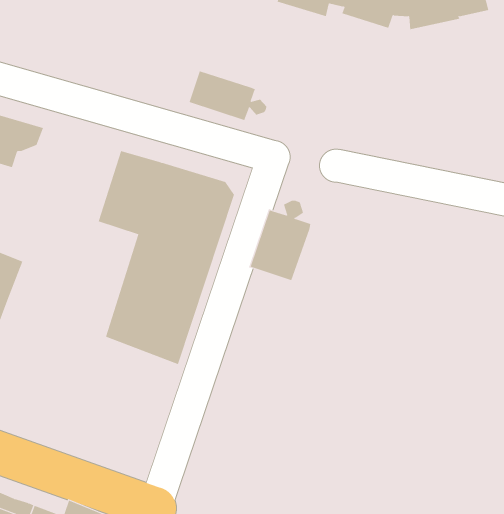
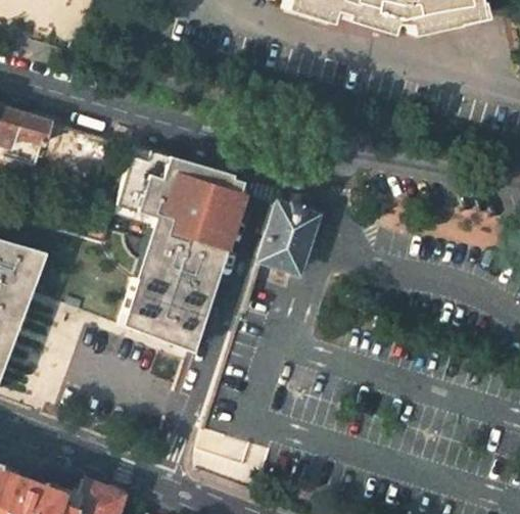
building: [189,71,267,121] -> none

